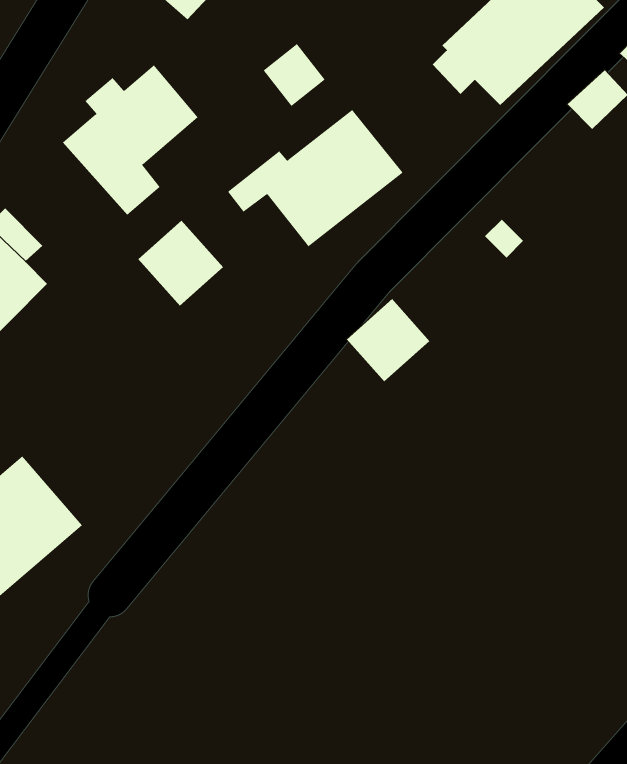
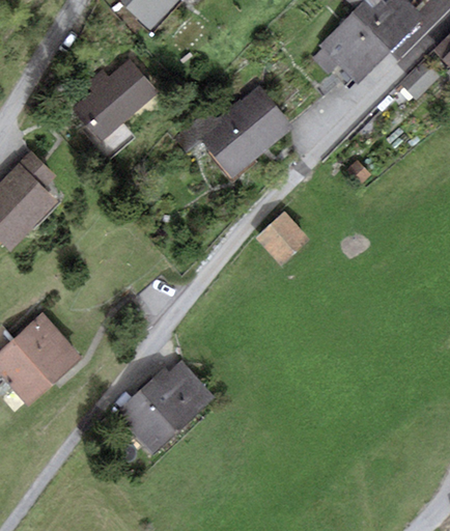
building: [263,43,326,107] -> none
building: [137,220,224,306] -> none
building: none -> [113,359,215,454]

